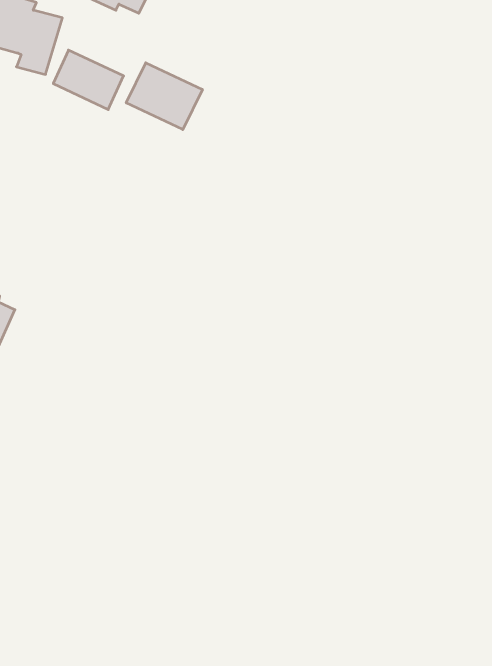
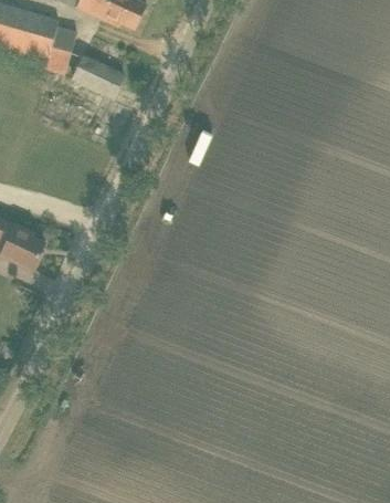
building: [126,63,202,130] -> none

